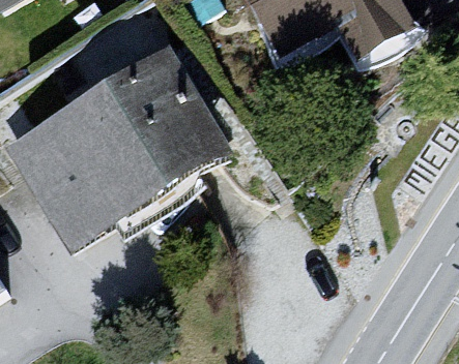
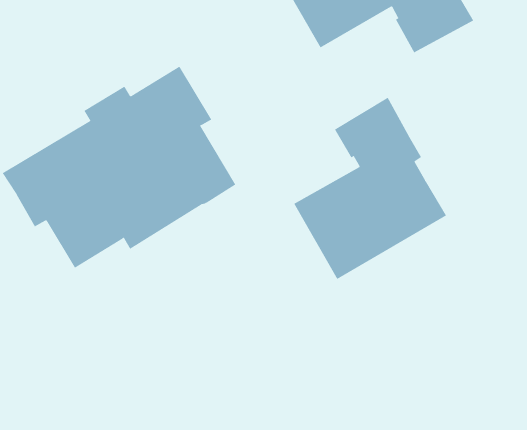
building: none -> [293,97,447,280]

